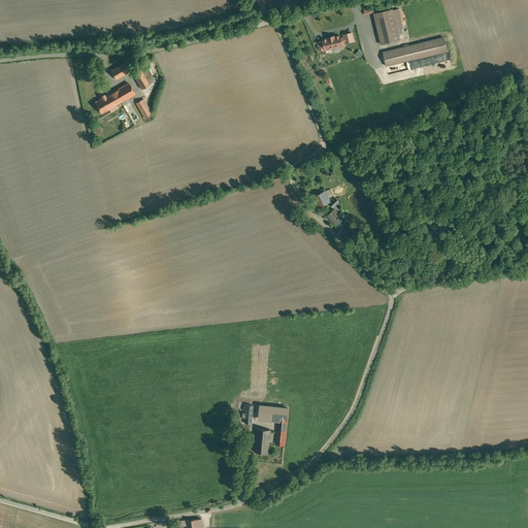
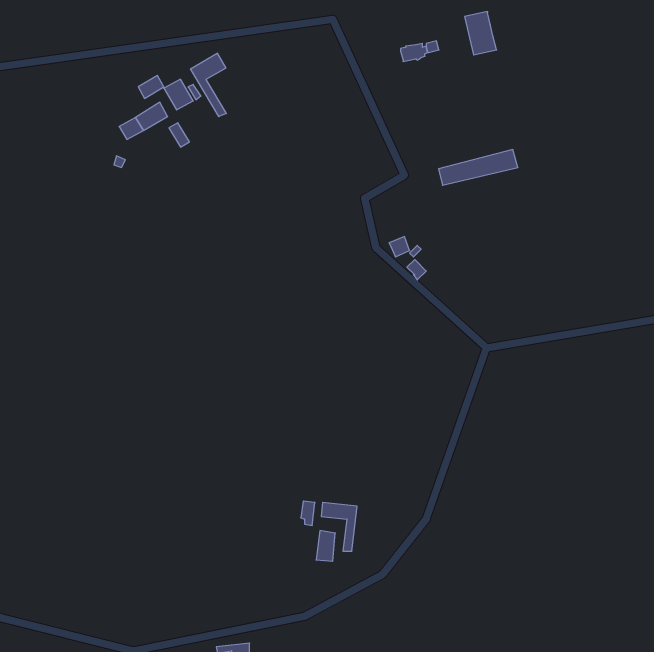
building: [384,38,448,67] -> [439,150,518,185]
building: none -> [191,53,226,117]

